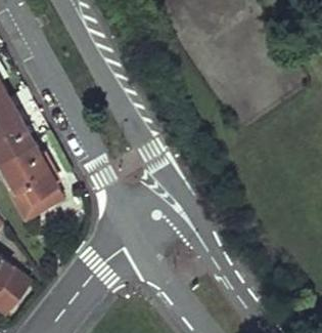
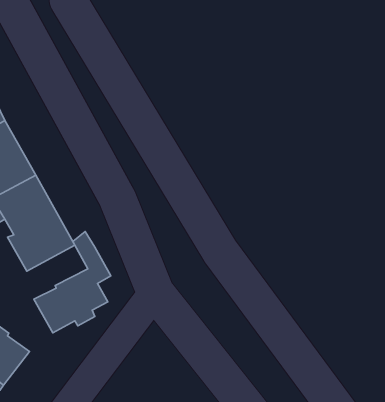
building: none -> [34,231,111,333]

